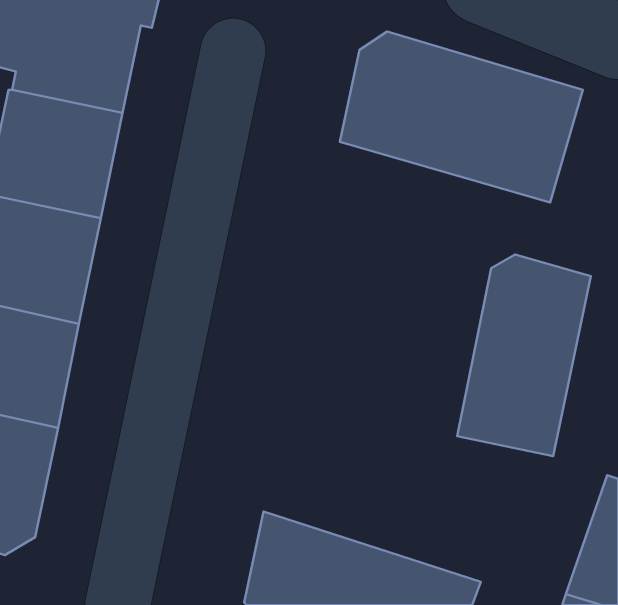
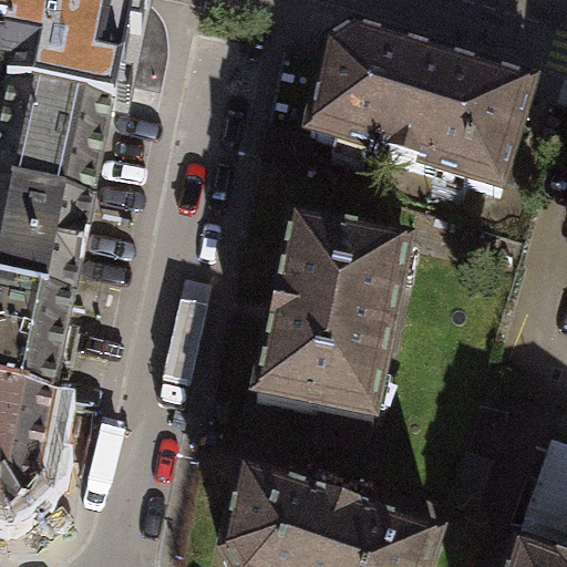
building: none -> [256,215,409,414]
building: [457,254,591,456] -> none

